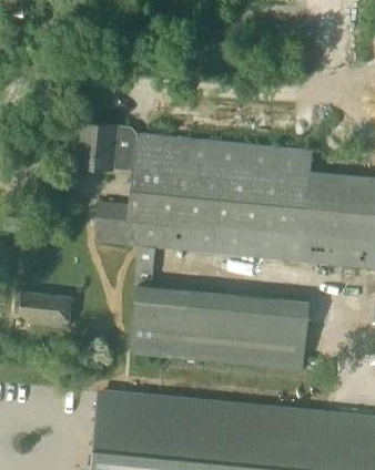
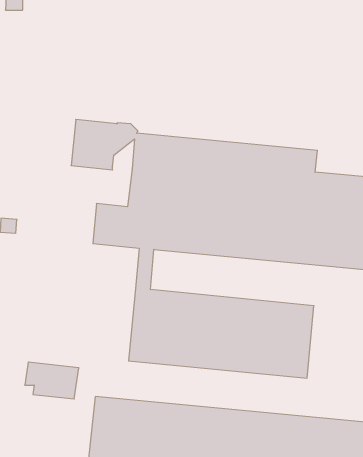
building: [20,294,72,329] -> [25,362,79,399]

